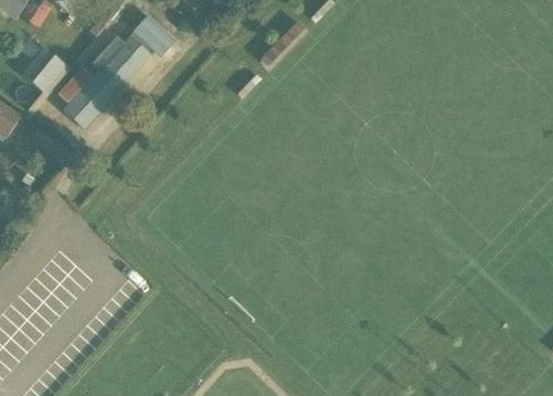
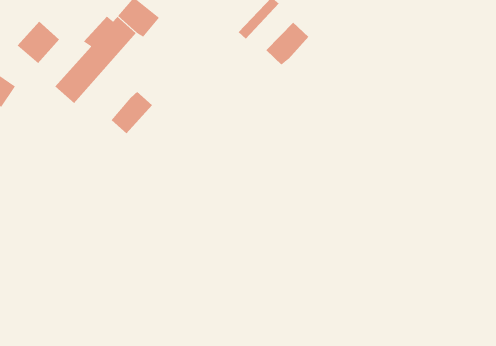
building: none -> [266,22,309,65]
building: none -> [111,91,153,134]

